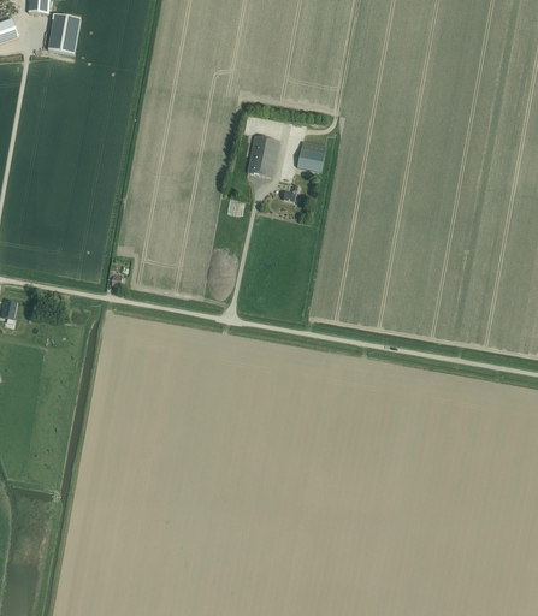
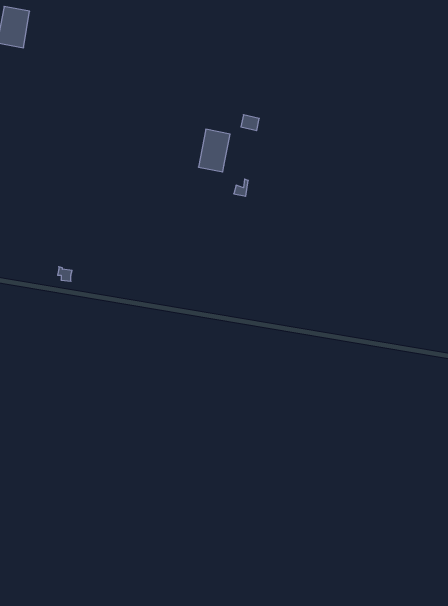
building: [298,141,326,171] -> none

